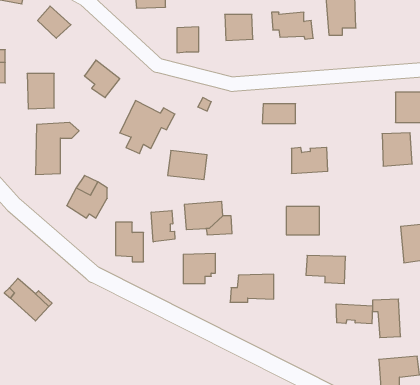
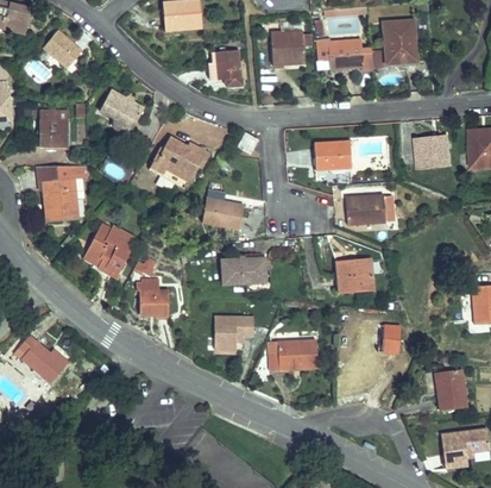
building: [382,133,412,166] -> [408,134,442,173]
building: [151,210,175,242] -> none
building: [336,304,373,324] -> none

